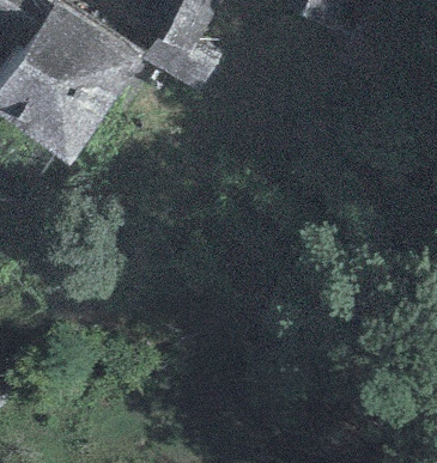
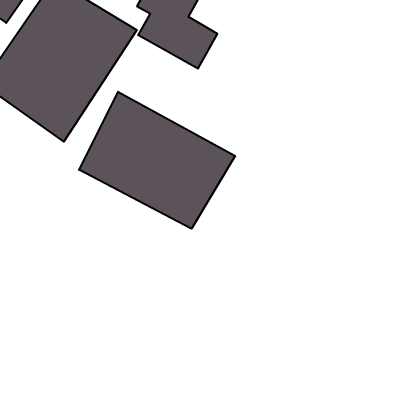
building: none -> [79,92,235,229]

